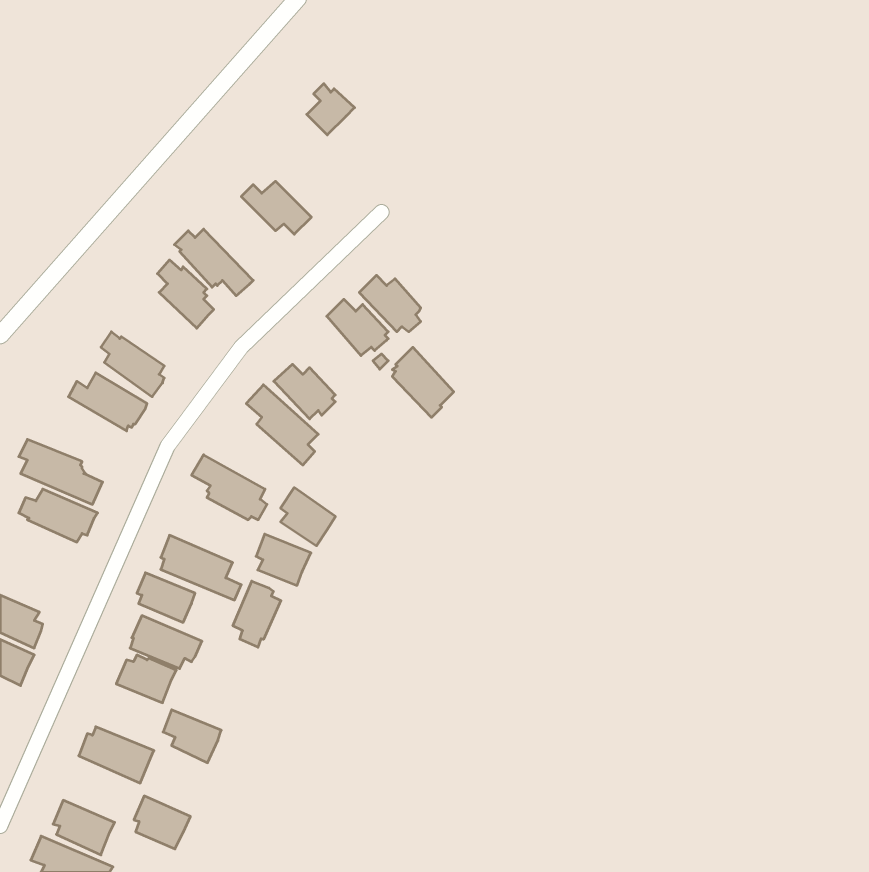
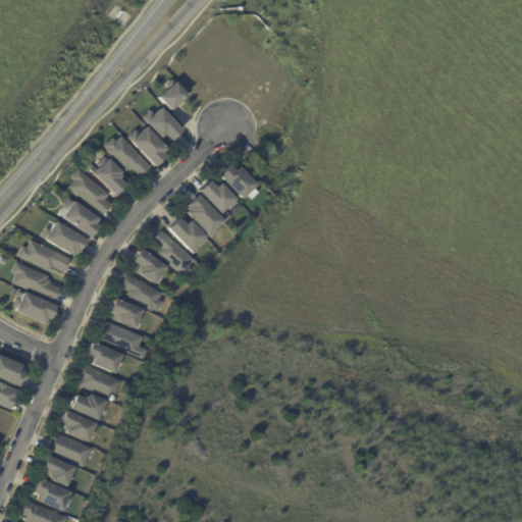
building: [307,84,355,135] -> [161,79,190,109]
building: none -> [129,127,170,166]
building: none -> [72,168,115,215]
building: [392,347,454,417] -> [185,195,221,237]
building: none -> [16,239,69,270]
building: [281,488,335,546] -> [132,248,164,282]
building: [256,534,311,585] -> [107,297,140,327]
building: [233,581,281,647] -> none
building: [163,710,221,763] -> [63,410,98,441]
building: [134,796,190,849] -> [44,454,77,485]

